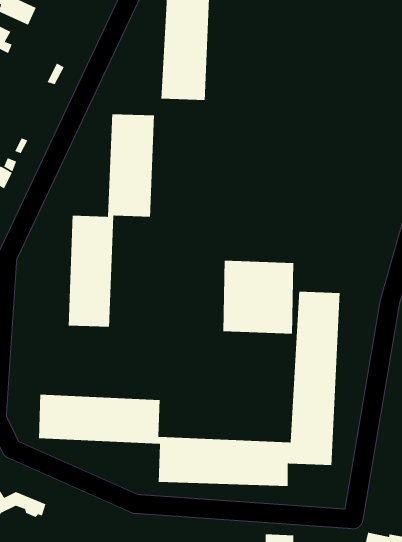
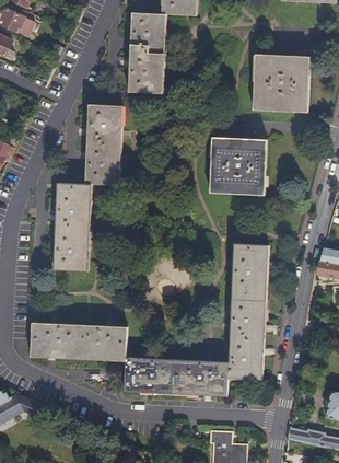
building: none -> [253,53,308,111]
building: [223,260,294,334] -> [209,135,265,193]

